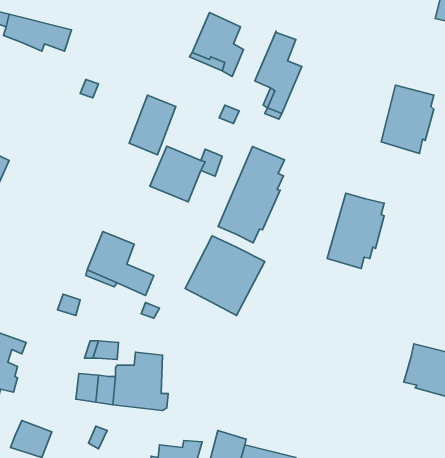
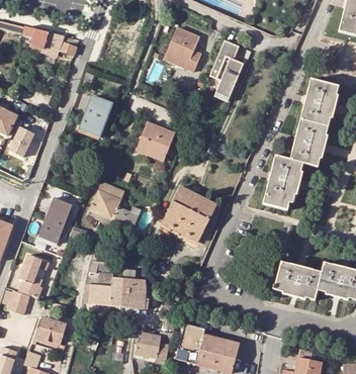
building: [129,95,176,155] -> [78,95,111,137]
building: none -> [288,119,327,167]
building: [218,147,285,243] -> none
building: none -> [38,198,71,244]
building: none -> [273,262,321,300]

